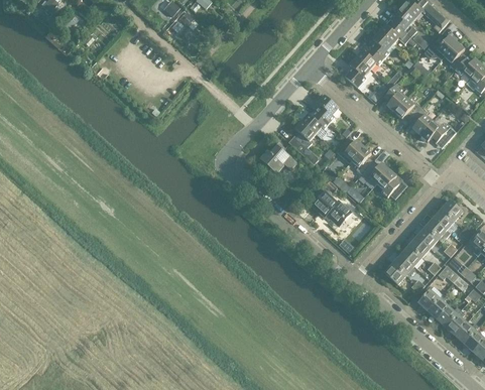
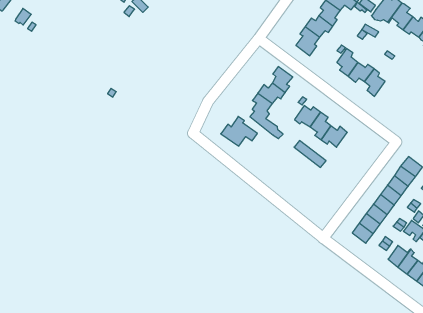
building: [420,121,457,145] -> none
building: [377,169,407,200] -> none
building: [313,191,352,225] -> none

